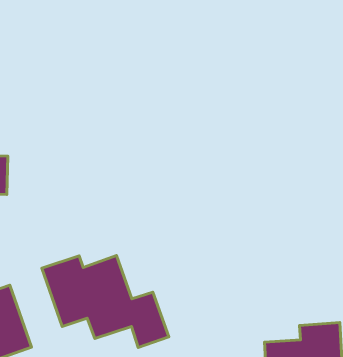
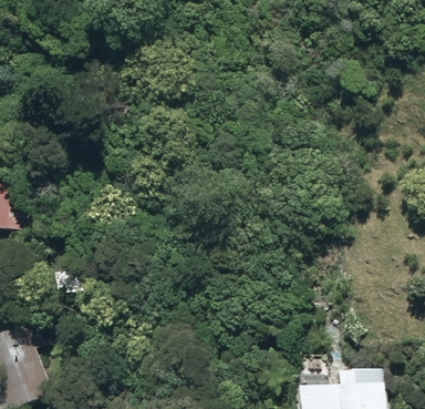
building: [42,256,169,348] -> none

